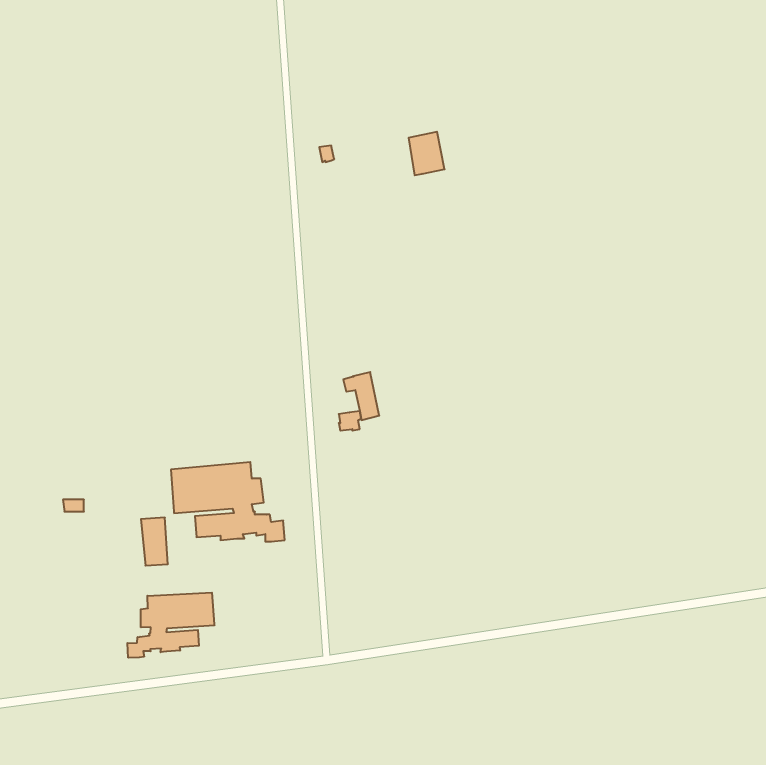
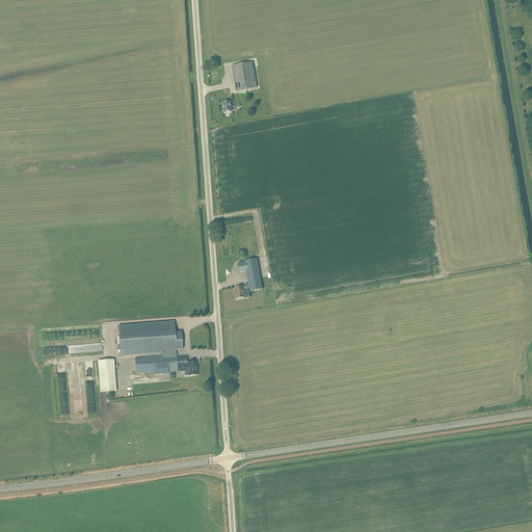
building: [409,132,445,175] -> [232,61,257,91]
building: [127,593,214,658] -> none

